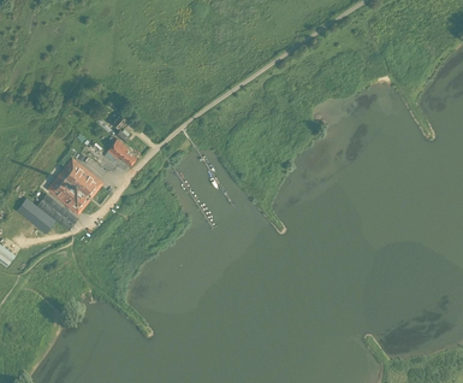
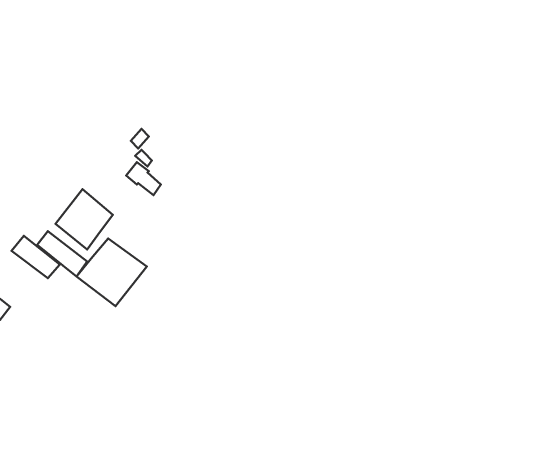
building: none -> [77,239,147,306]

